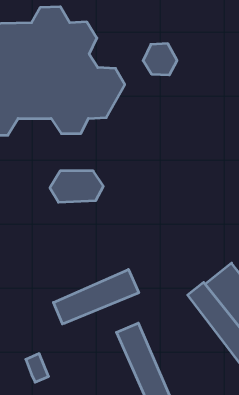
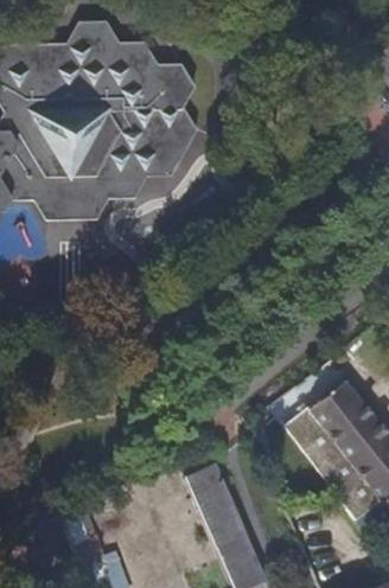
building: [143,44,177,75] -> [148,64,196,108]
building: [50,171,103,202] -> [34,178,109,222]
building: [53,269,139,324] -> none

